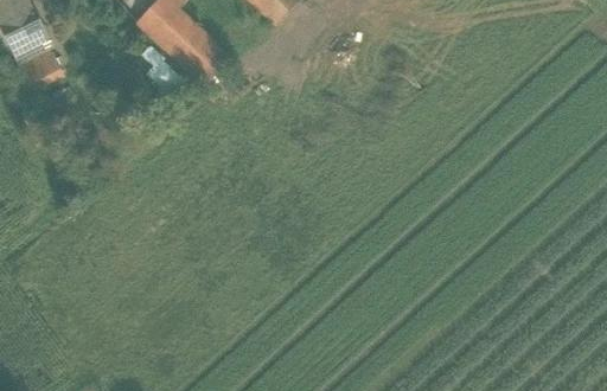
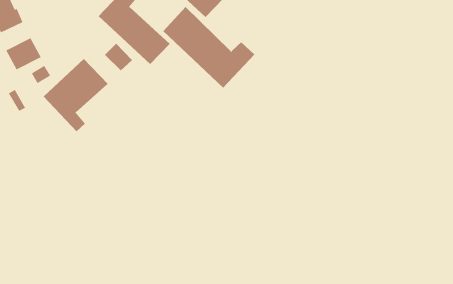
building: none -> [162,6,255,89]
building: none -> [43,58,108,132]

